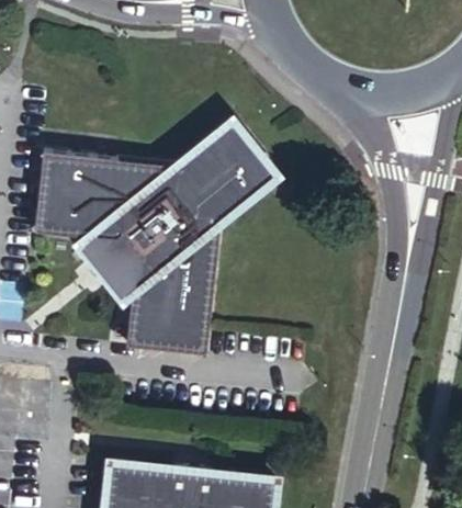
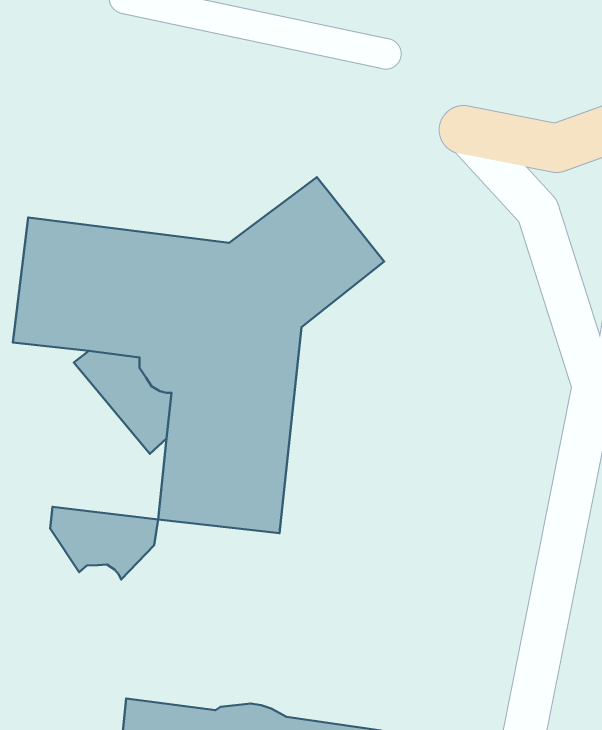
building: none -> [50,507,158,579]

